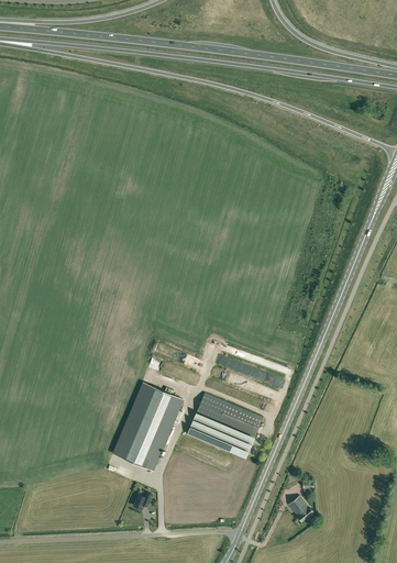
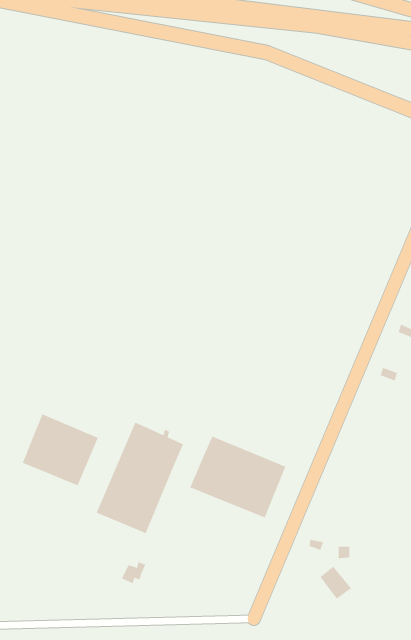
building: none -> [22,414,99,486]

